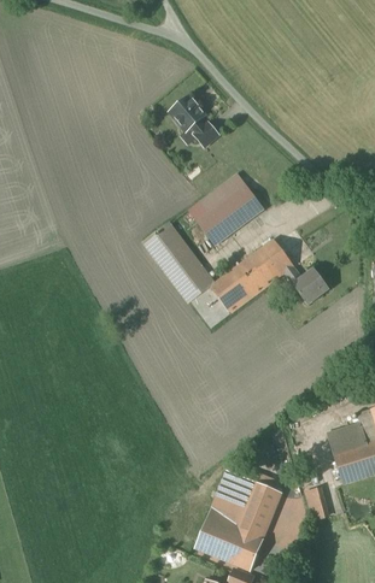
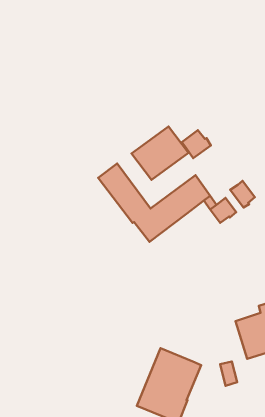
building: [166,95,219,152] -> none
building: none -> [182,130,211,158]
building: none -> [230,181,255,207]

